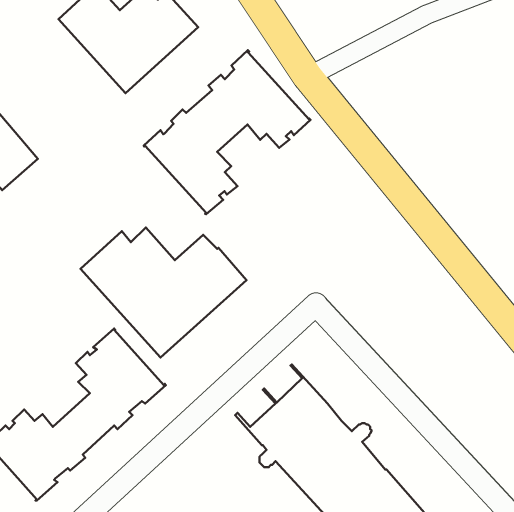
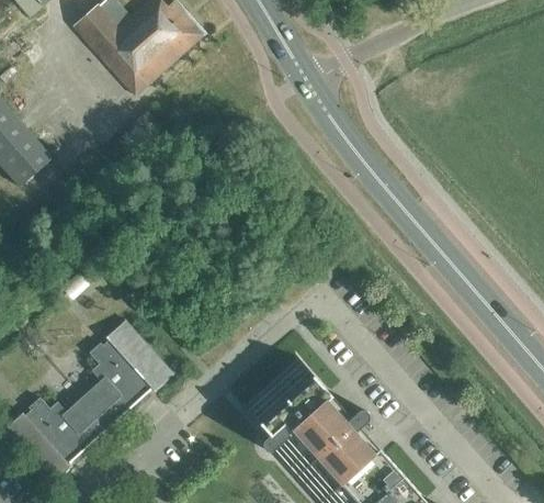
building: [144,50,310,214] -> none
building: [80,227,247,358] -> none

